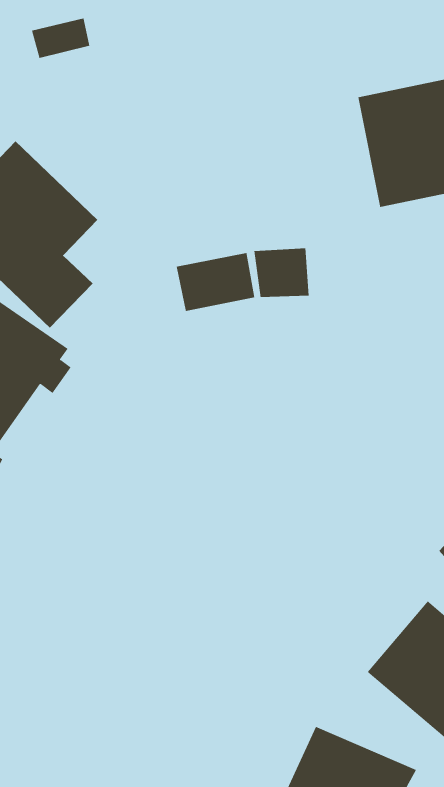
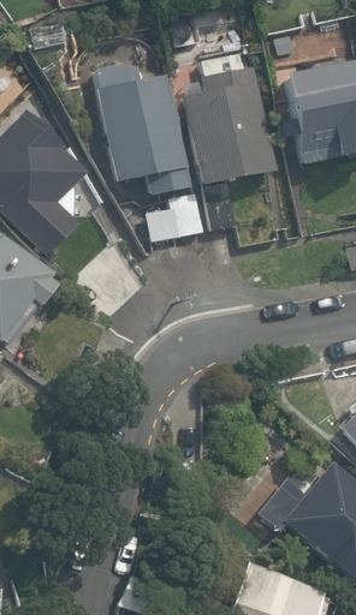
building: none -> [182,61,275,181]
building: none -> [95,74,185,181]

